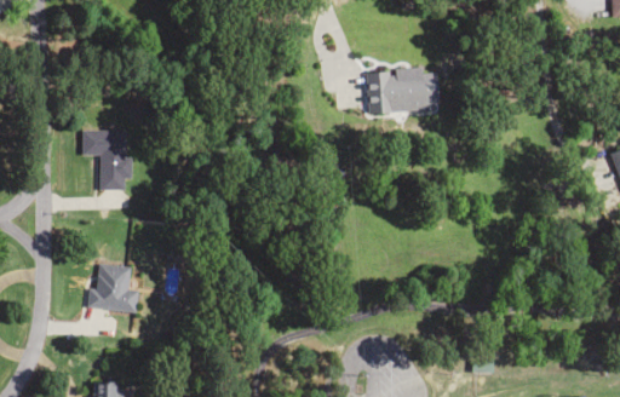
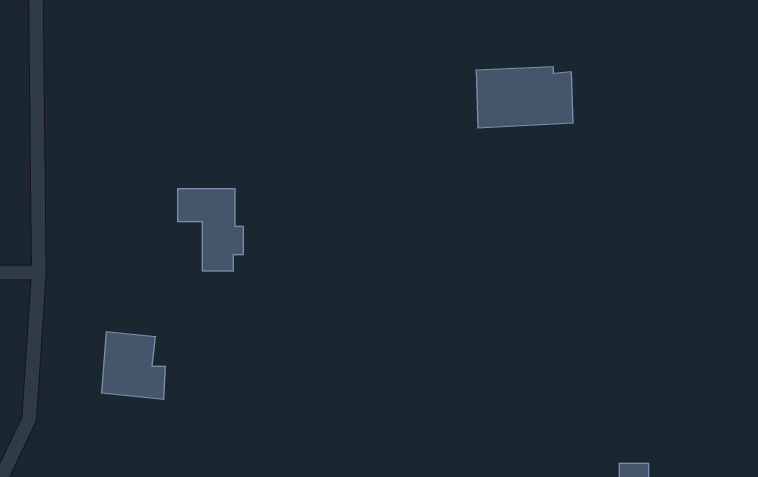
building: [82,130,131,190] -> [178,189,243,271]

